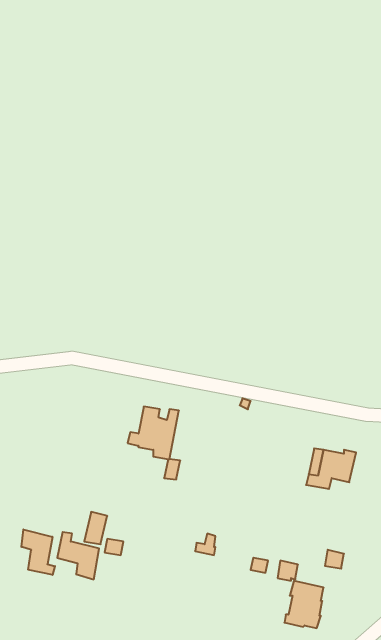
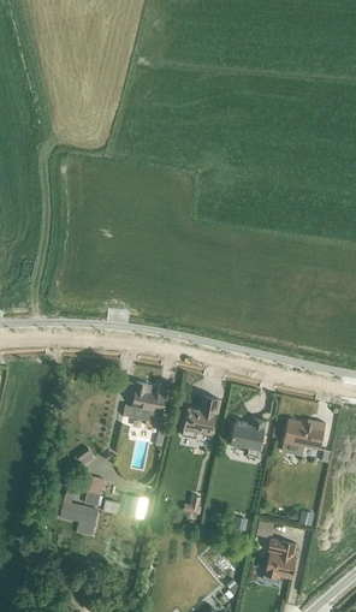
building: none -> [180,396,219,438]
building: none -> [229,418,265,457]
building: [21,529,55,575] -> none

